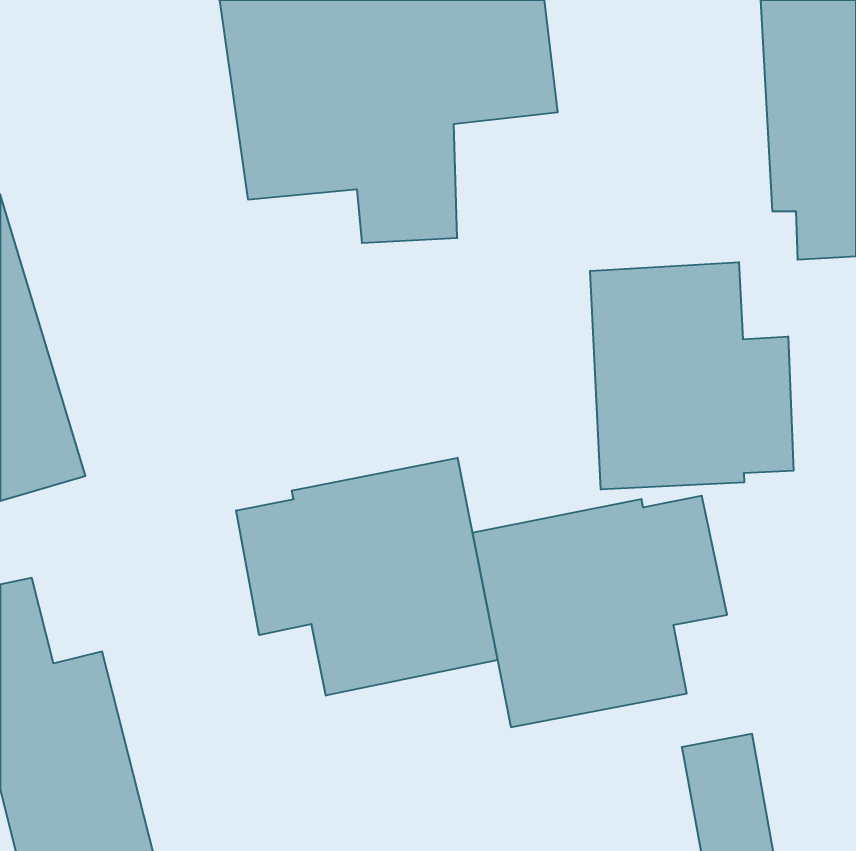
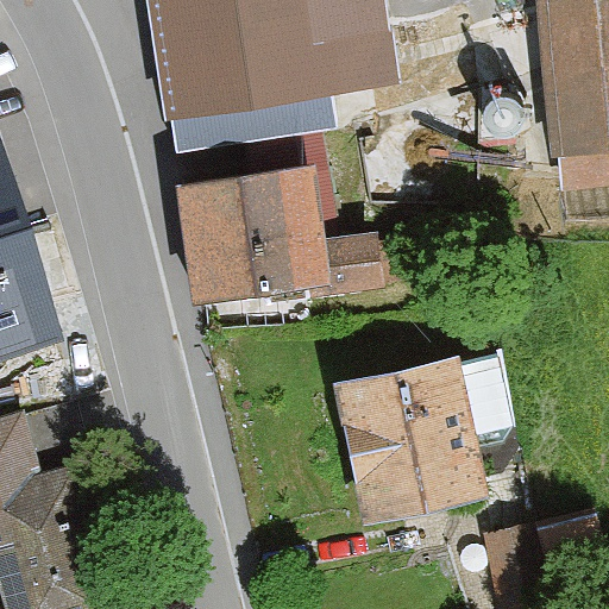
building: none -> [180,172,385,301]
building: [590,262,793,490] -> none
building: [236,458,498,696] -> none

